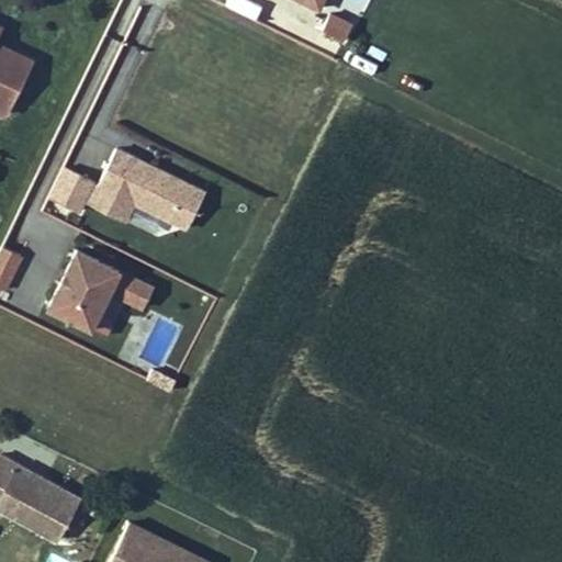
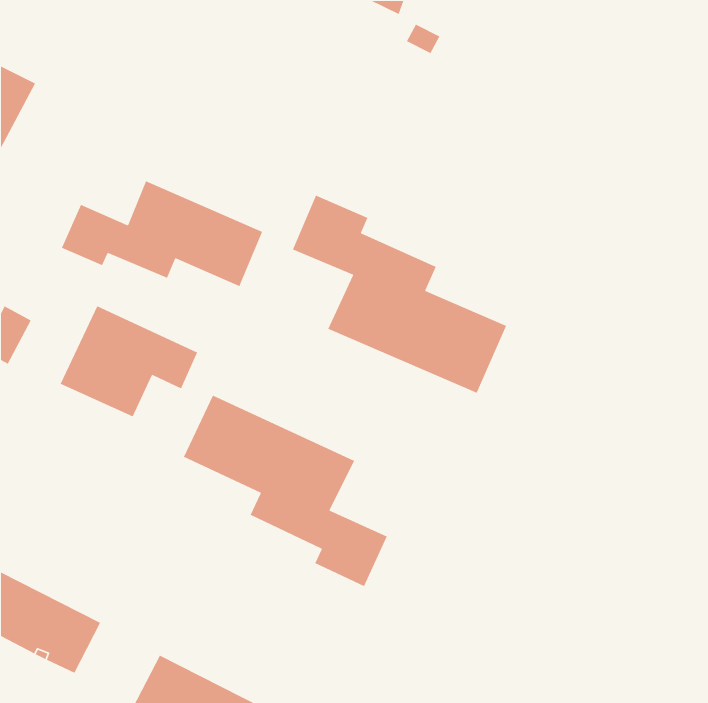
building: none -> [292,195,507,394]
building: none -> [183,394,388,587]

